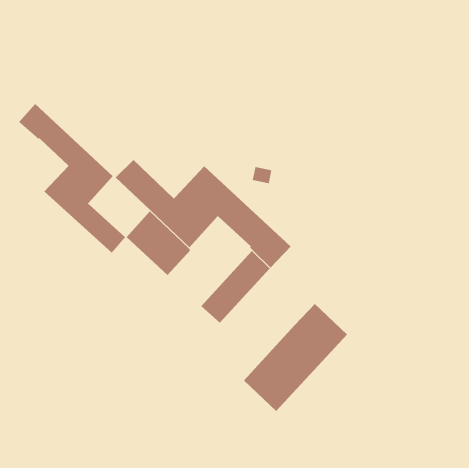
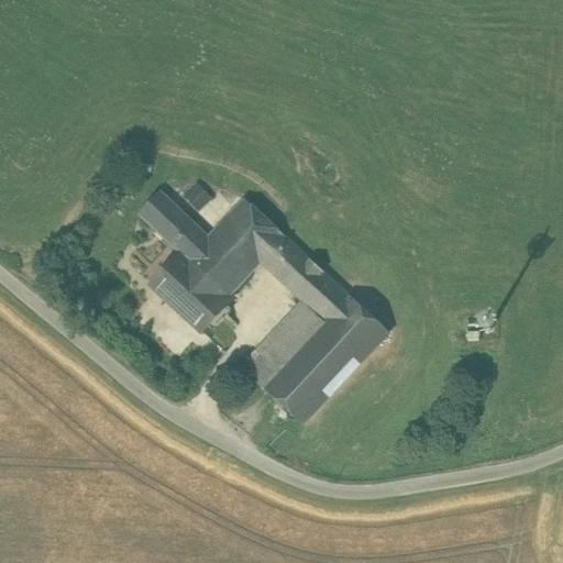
building: [18,103,126,254] -> none
building: [243,303,348,412] -> [263,295,388,424]

